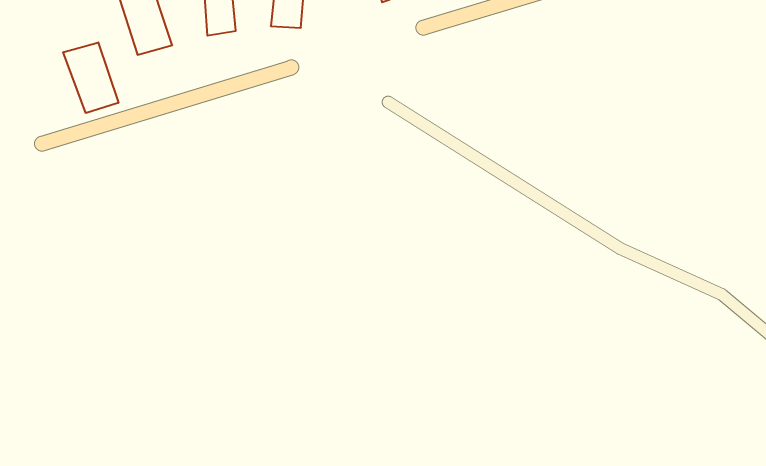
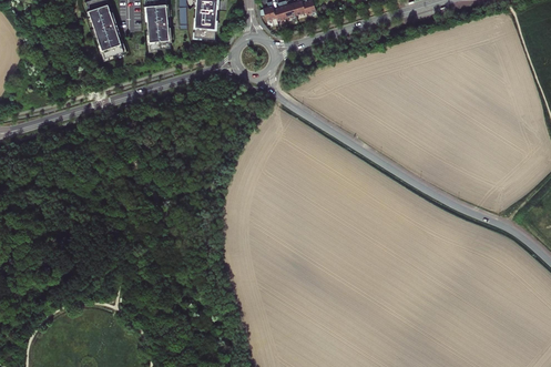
building: [63,42,118,113] -> none

